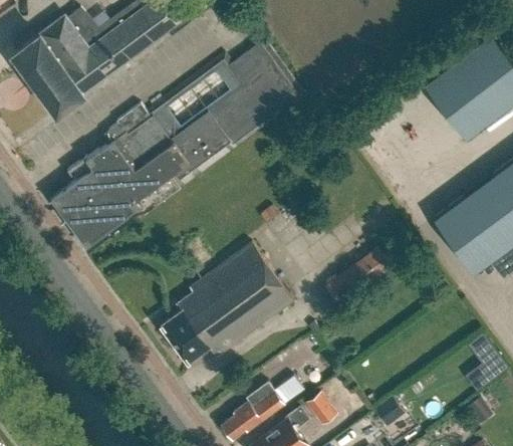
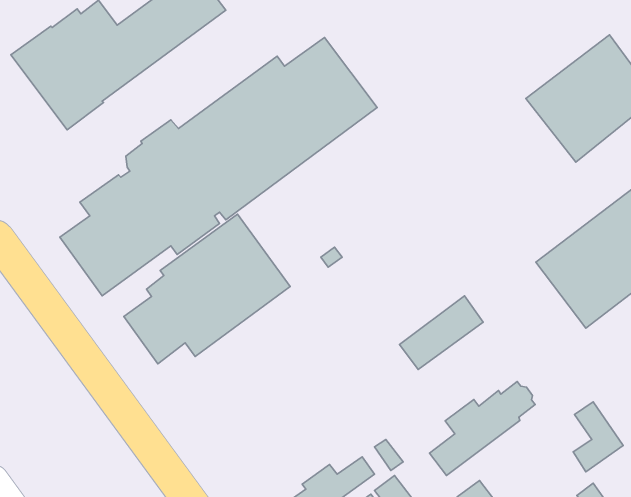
building: [161,243,294,364] -> [124,214,290,364]
building: none -> [430,382,535,476]

